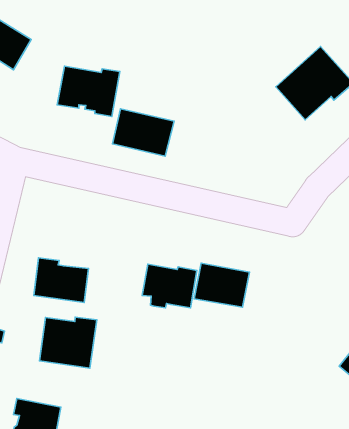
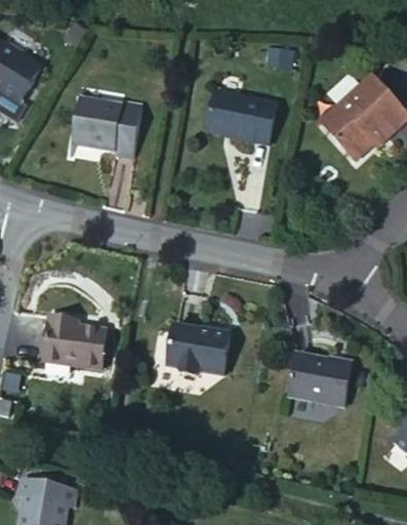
building: [112,109,174,156] -> [206,89,277,144]
building: [194,263,250,307] -> [287,353,351,403]
building: [40,317,97,368] -> none

